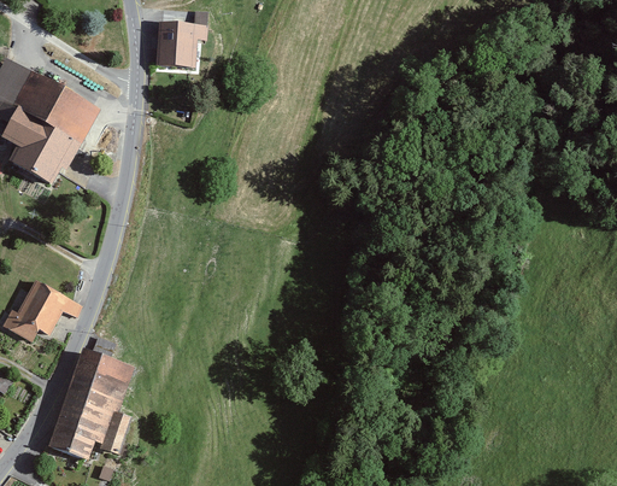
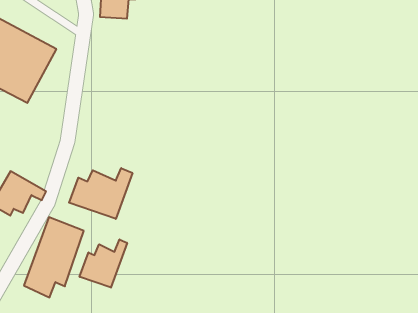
building: none -> [69,168,132,219]
building: none -> [80,239,127,288]

